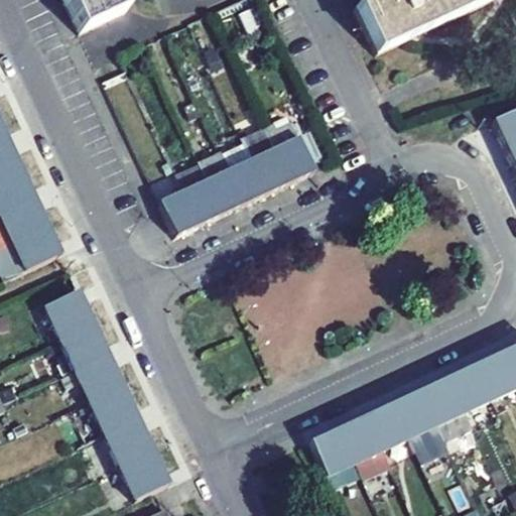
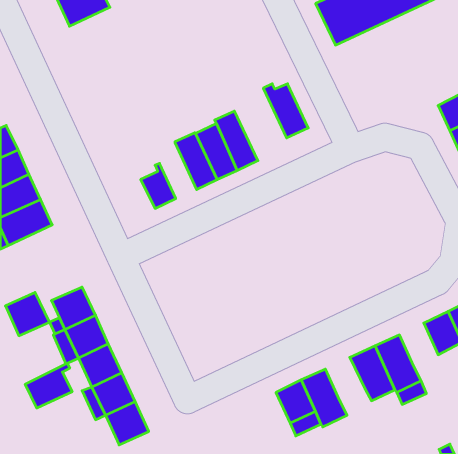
building: [265,119,315,179] -> [263,84,308,138]
building: [175,159,223,222] -> none
building: [45,287,95,336] -> [5,292,50,336]
building: [449,361,493,409] -> none
building: [367,399,411,447] -> none
building: none -> [25,363,72,408]

